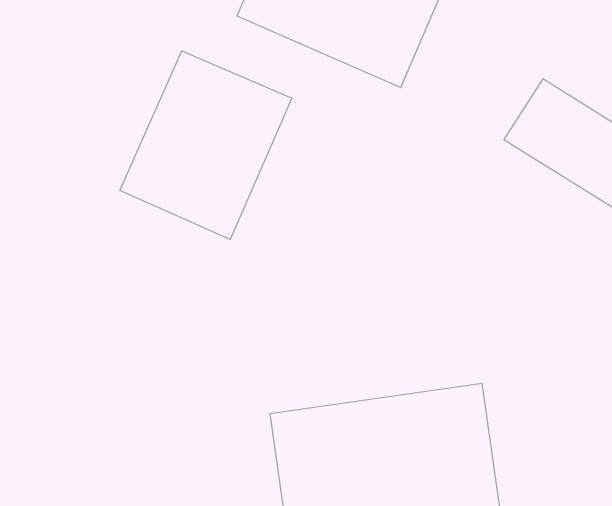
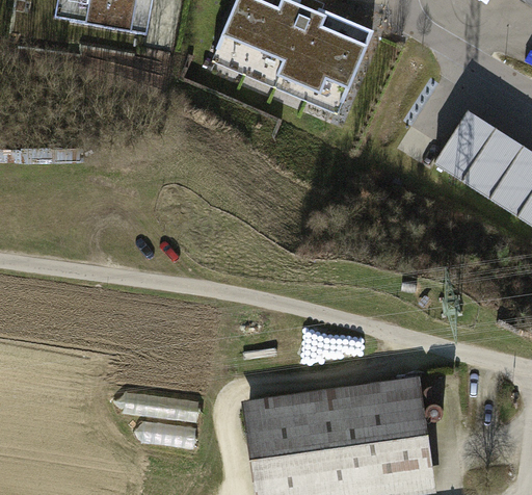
building: [120,51,292,239] -> none

